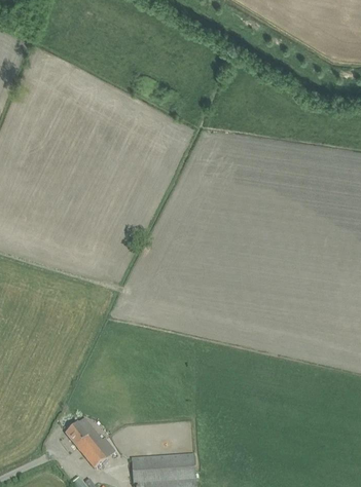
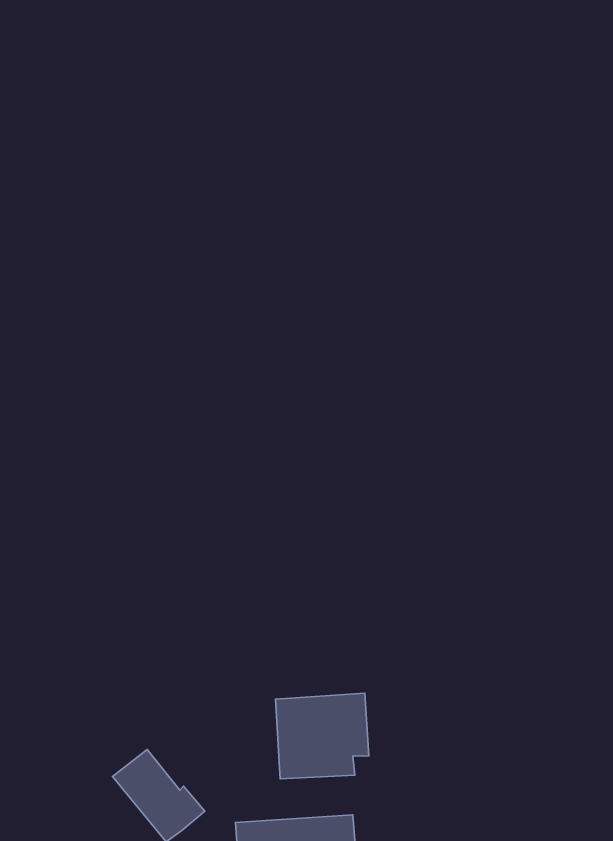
building: none -> [276,693,369,779]

